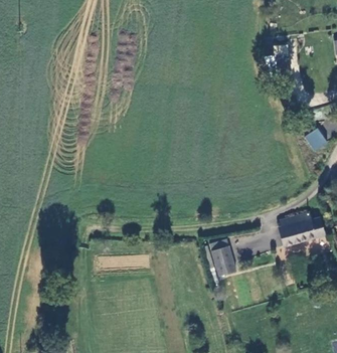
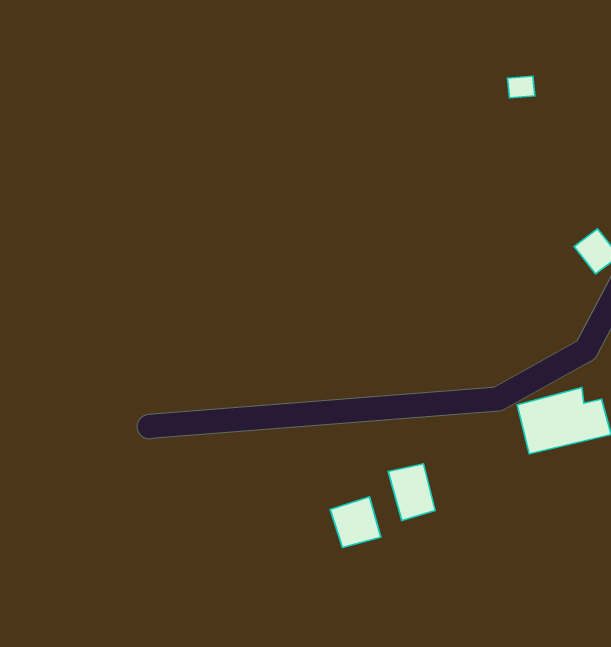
building: none -> [330,497,381,548]

